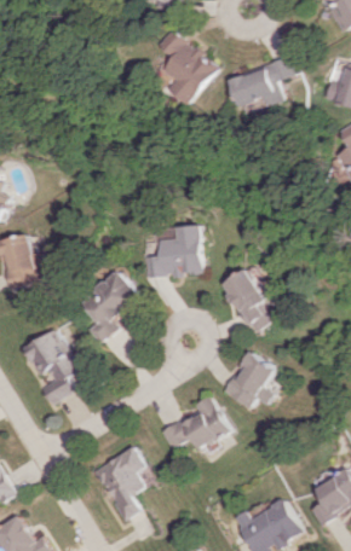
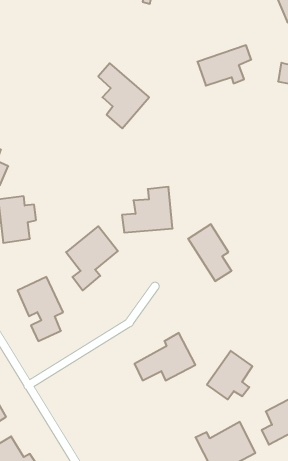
building: [163,28,223,104] -> [98,63,149,128]
building: [224,350,277,407] -> [207,351,252,399]
building: [91,446,144,520] -> none

